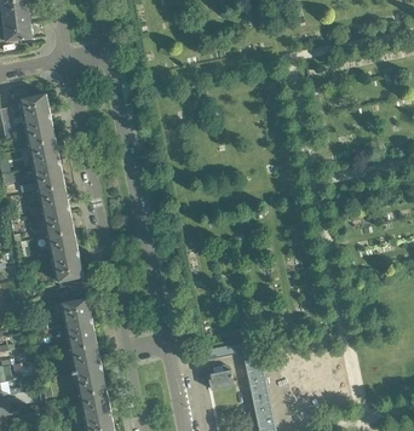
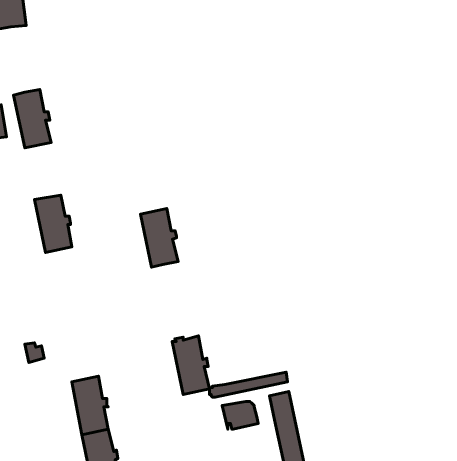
building: [30,140,62,190] -> none
building: [48,231,81,282] -> [140,209,178,267]
building: [62,298,94,349] -> [172,336,210,394]

